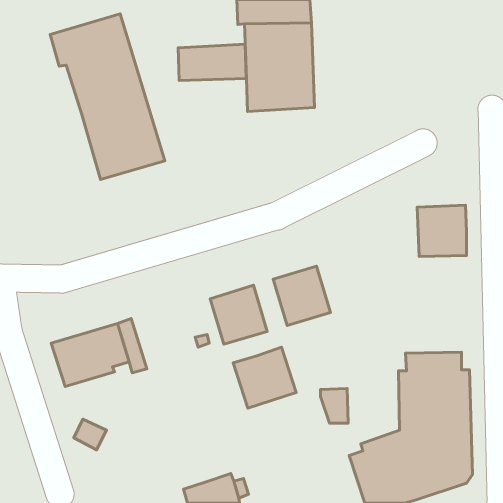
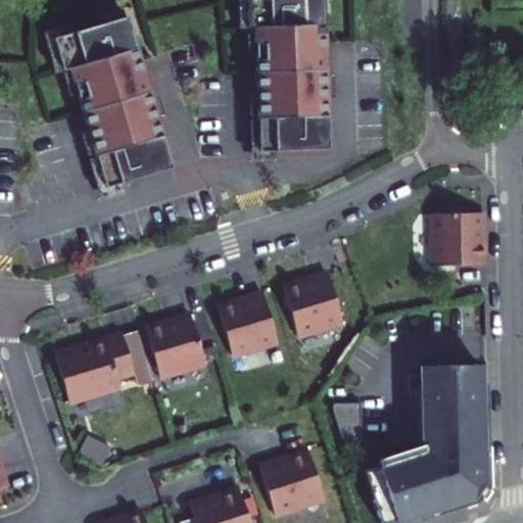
building: [178,44,246,80] -> [257,111,328,149]
building: none -> [146,318,205,379]
building: [233,347,296,408] -> [259,453,325,516]

